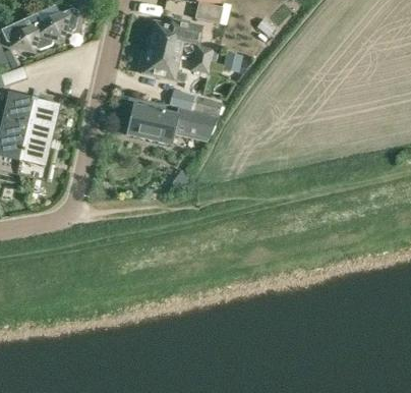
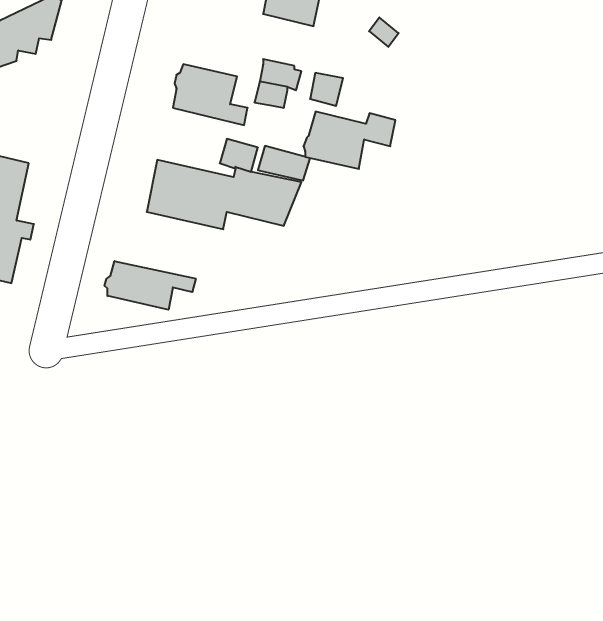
building: [149,19,202,53] -> [303,112,395,169]
building: none -> [105,261,196,310]

